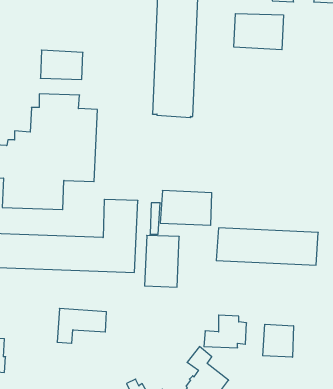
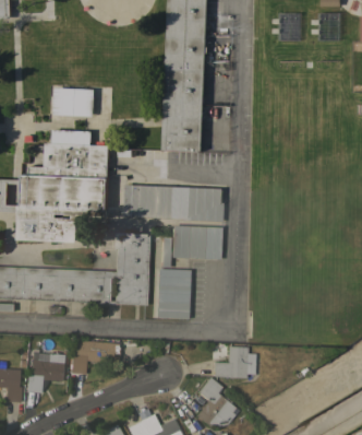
building: [234,14,283,50] -> none
building: [216,228,318,265] -> [123,185,222,221]
building: none -> [25,352,63,392]
building: [263,324,293,357] -> none

